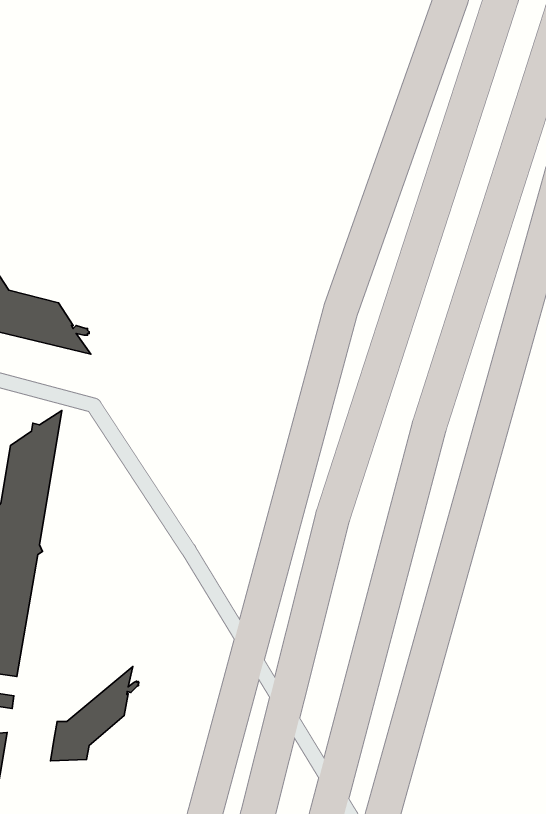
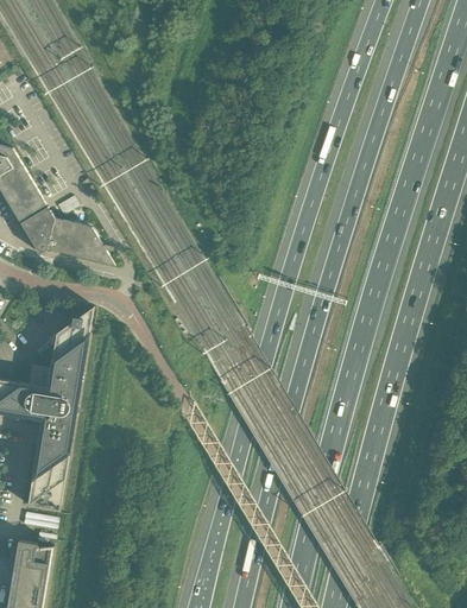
building: [50,666,139,761] -> none

